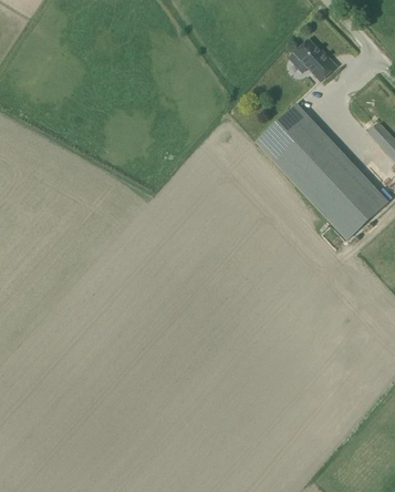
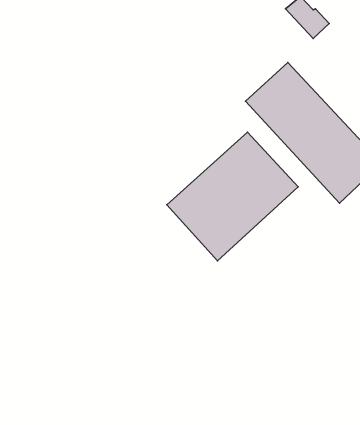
building: none -> [167,132,298,261]

